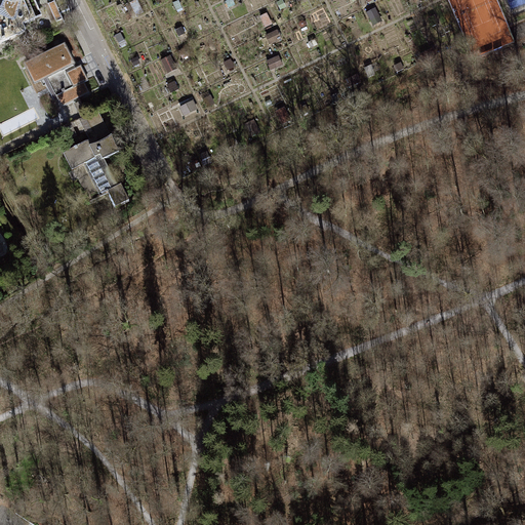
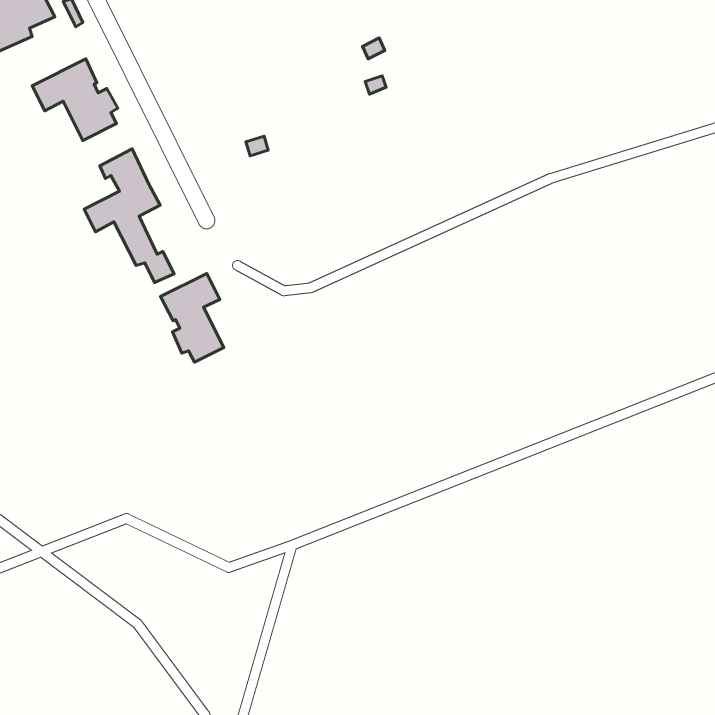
building: none -> [160,273,224,362]

